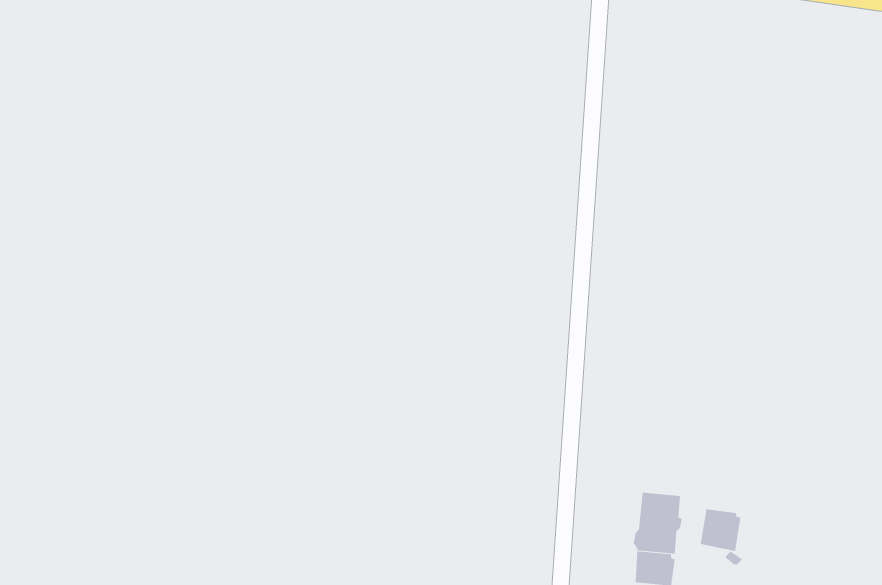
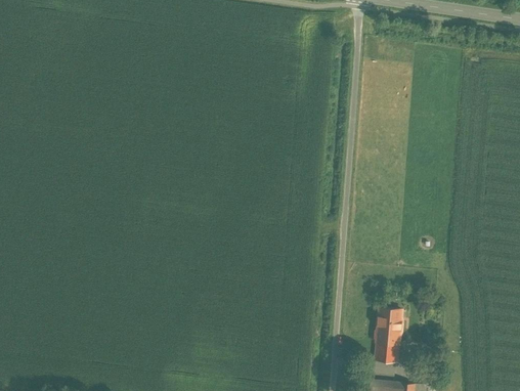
building: [700,508,741,552] -> none

